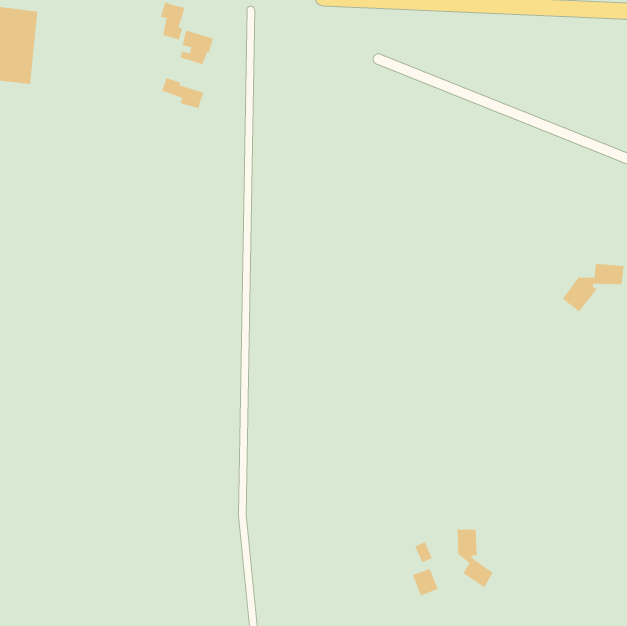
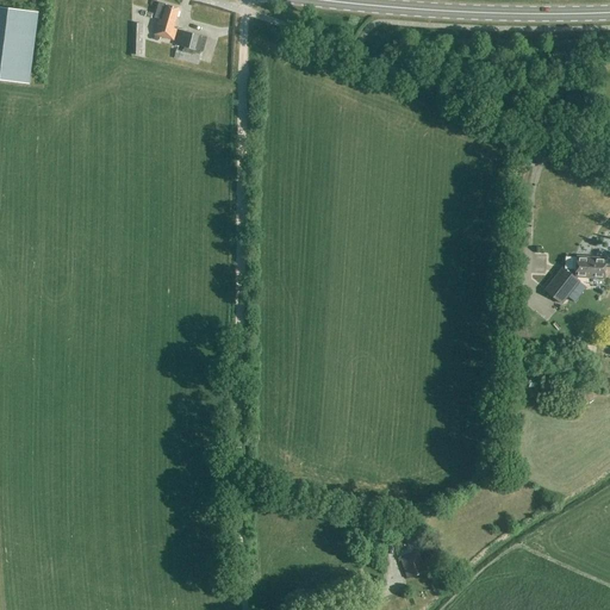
building: [161,77,204,109] -> none
building: [457,529,493,588] -> none

